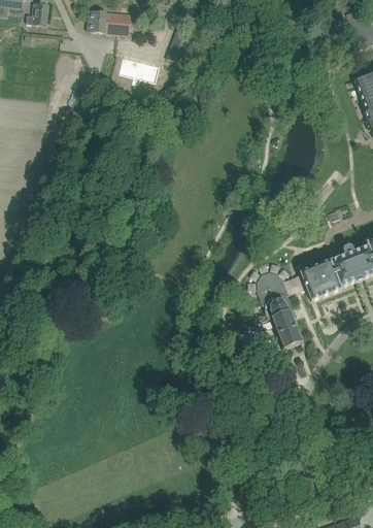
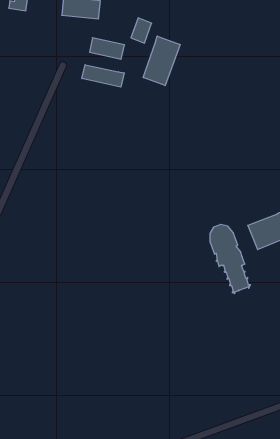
building: none -> [143,36,180,86]
building: none -> [82,65,124,87]

